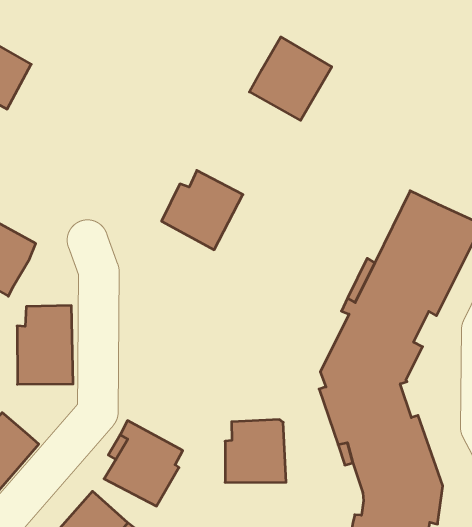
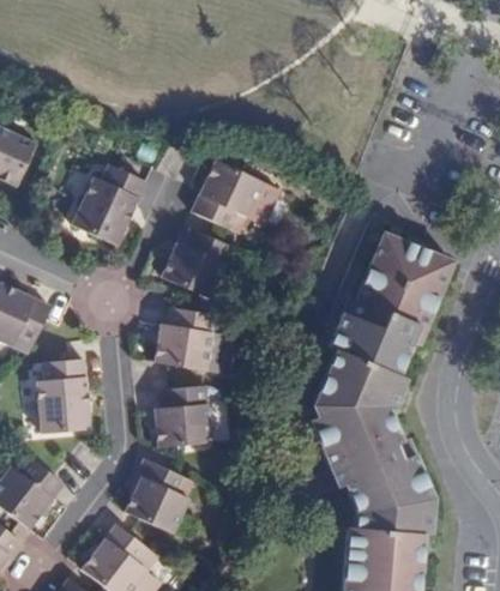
building: [249,37,332,120] -> [189,159,263,234]
building: none -> [71,163,144,243]
building: none -> [152,308,230,372]
building: [225,420,286,482] -> [155,386,212,446]

